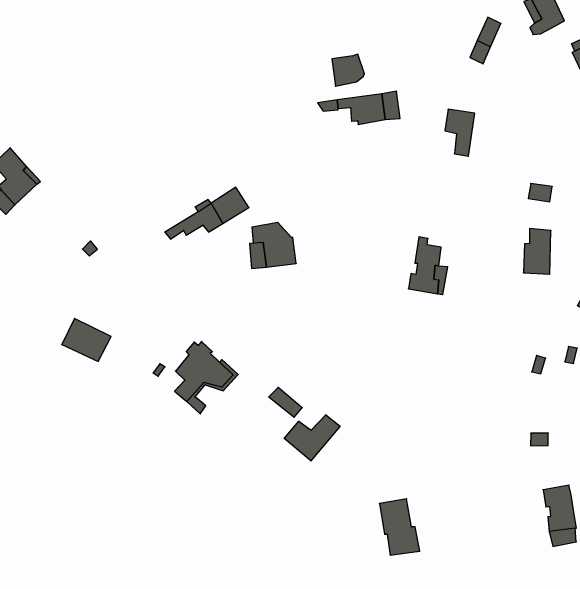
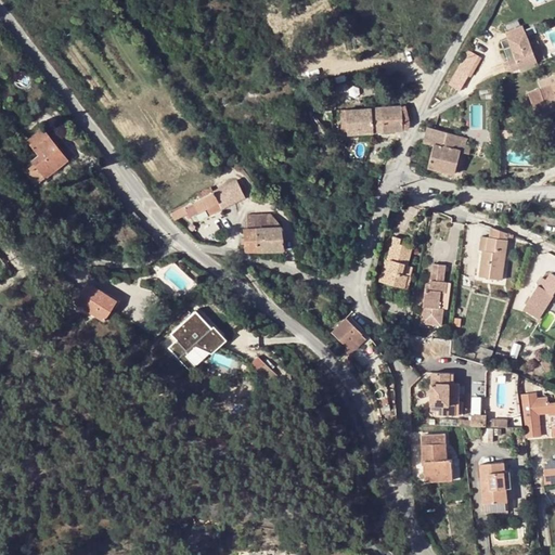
building: [332,54,364,86] -> [383,106,410,132]
building: none -> [440,133,469,172]
building: none -> [422,262,447,324]
building: none -> [333,319,367,357]
building: none -> [433,371,460,411]
building: [284,415,340,461] -> none
building: [379,499,420,555] -> [421,434,452,481]

